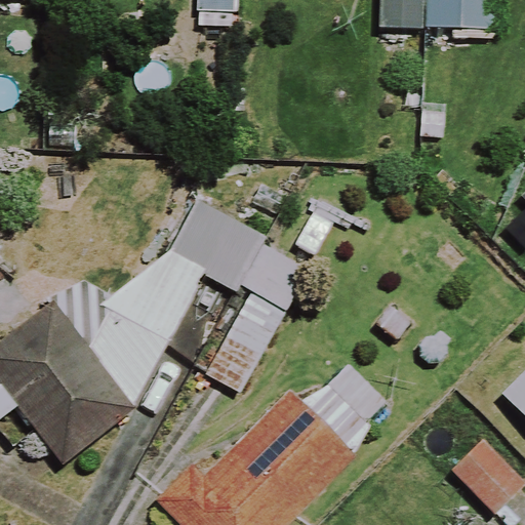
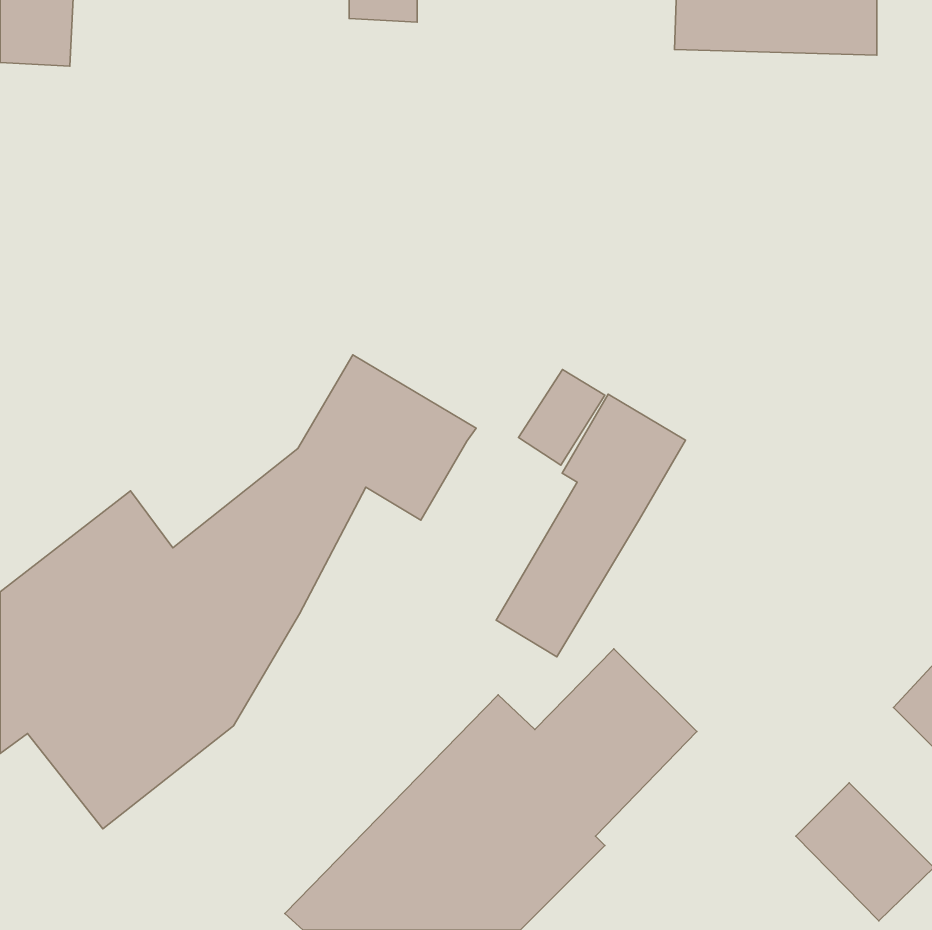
building: [202,246,308,393] -> [496,394,685,657]

